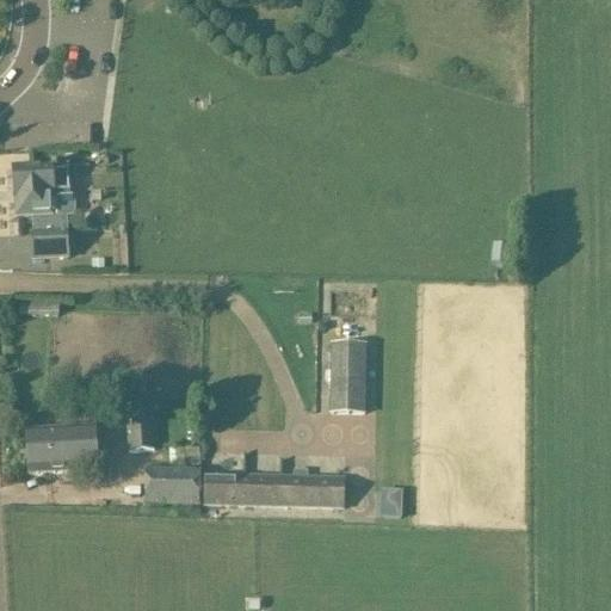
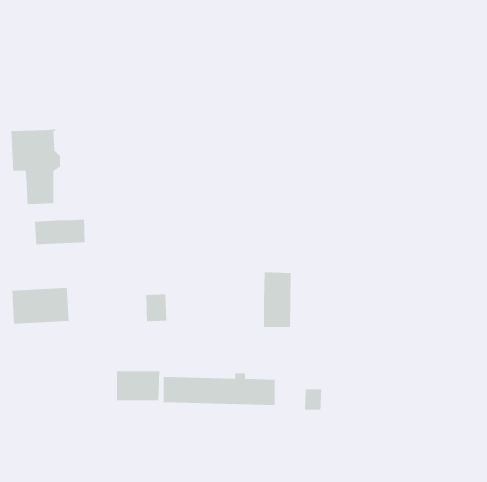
building: none -> [34,219,86,245]
building: [128,413,155,449] -> [145,294,167,322]
building: [26,425,99,471] -> [11,287,69,324]

